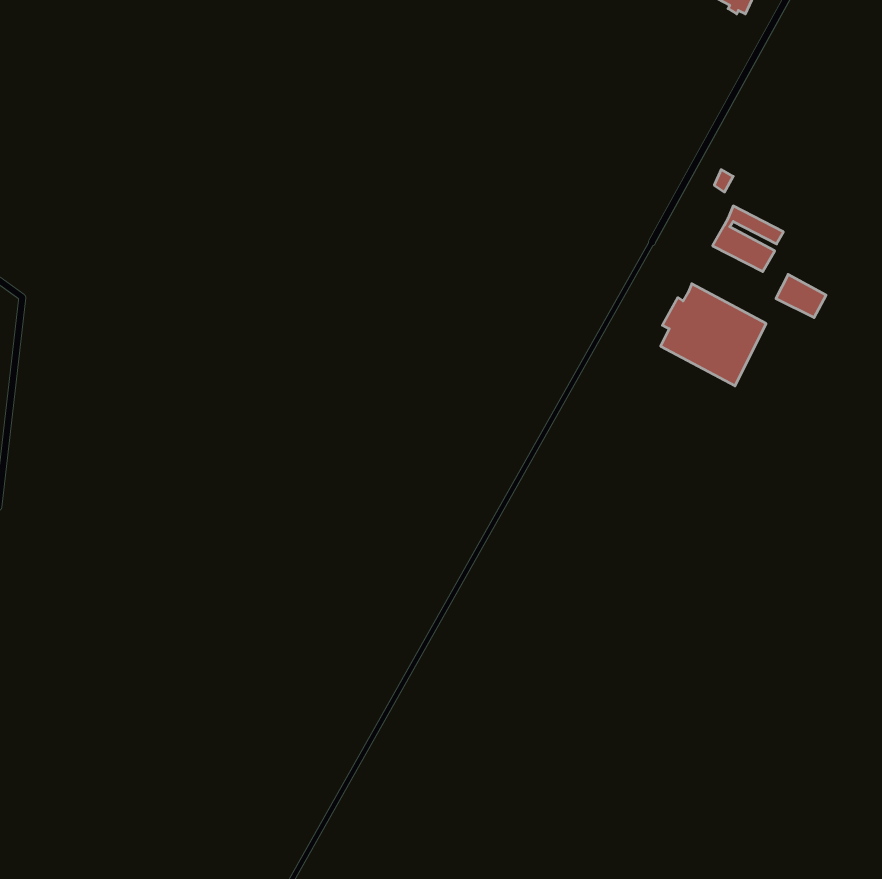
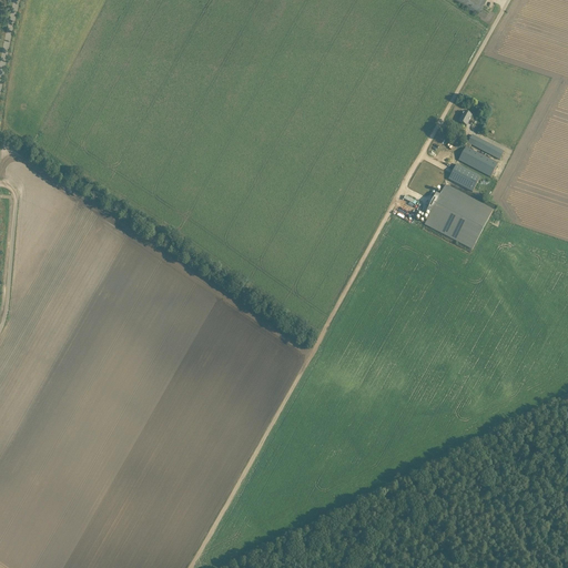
building: [776,274,826,318] -> [447,161,479,189]

